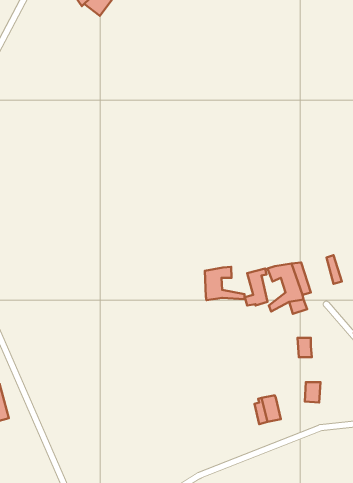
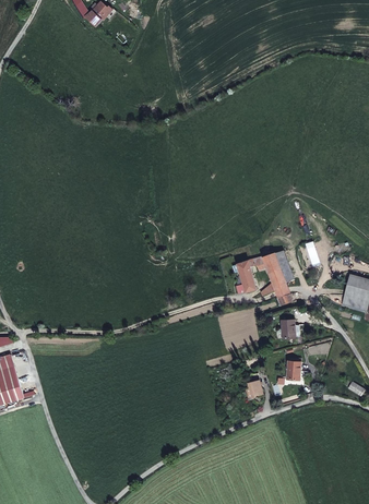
building: [205,267,245,300] -> none

